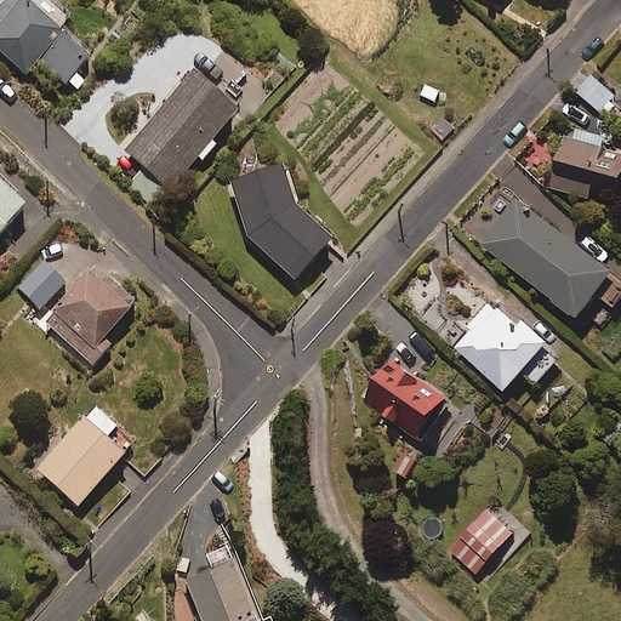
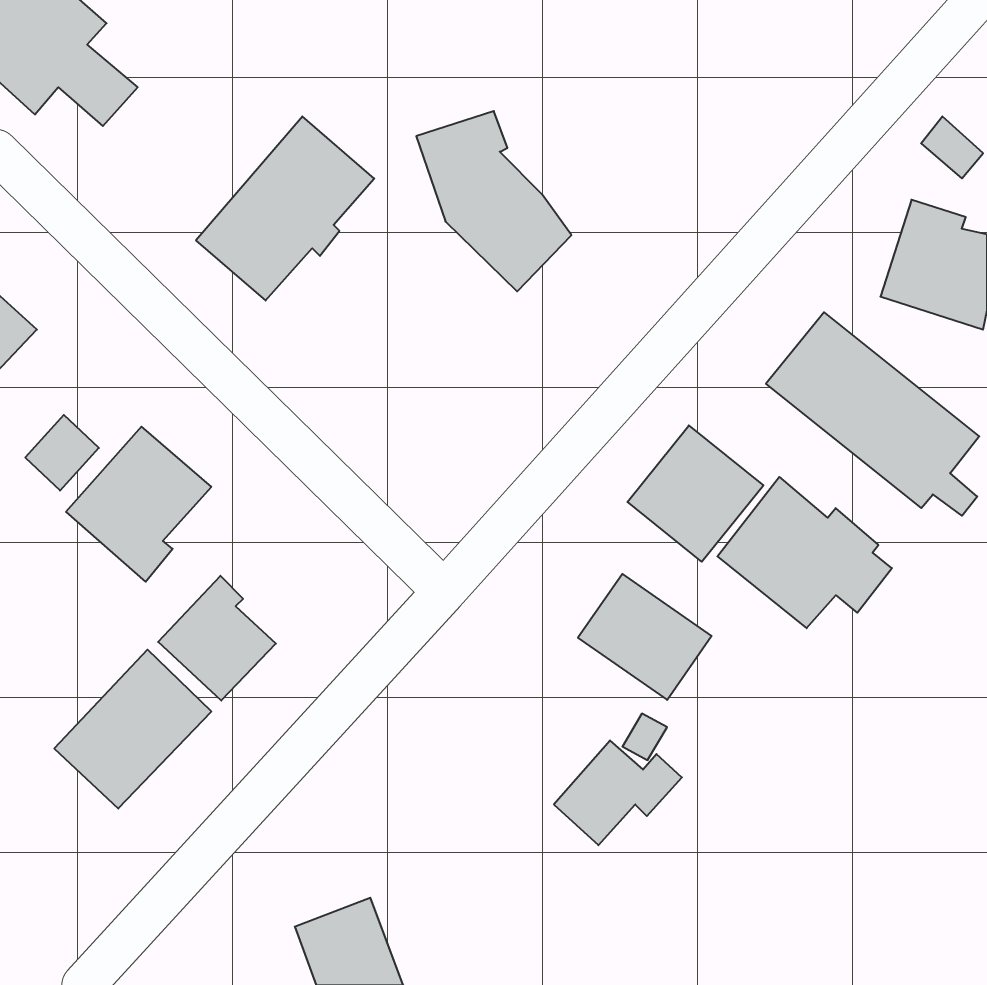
building: [228,167,325,280] -> [416,111,571,291]
building: none -> [627,425,763,562]
building: none -> [158,576,276,701]
building: [446,507,526,572] -> [554,740,682,845]

